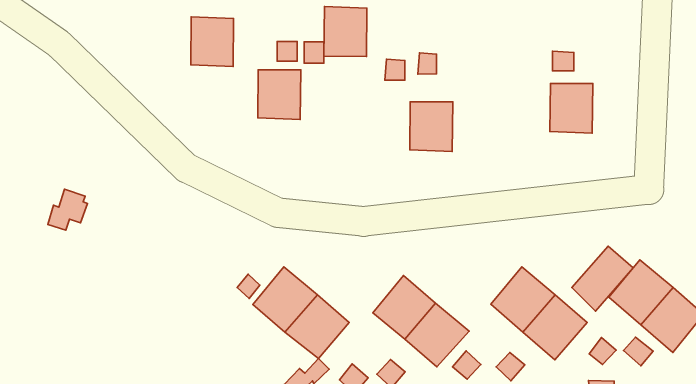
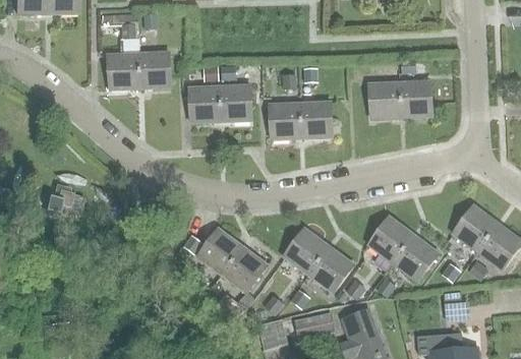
building: [324,7,367,56] -> [220,84,252,121]
building: none -> [108,53,140,88]
building: none -> [369,82,402,118]
building: none -> [270,103,302,138]
building: [572,246,633,311] -> none

